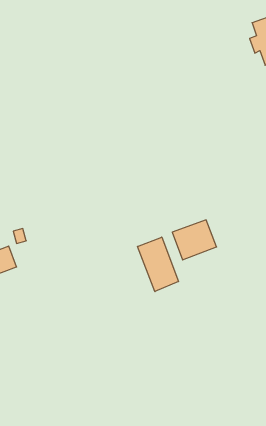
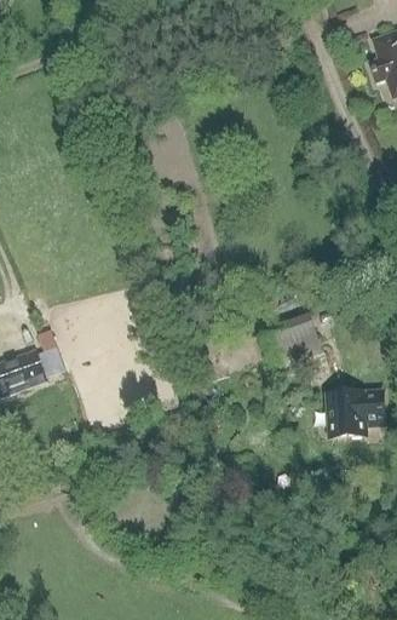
building: [138,237,178,292] -> none
building: none -> [330,392,385,436]

